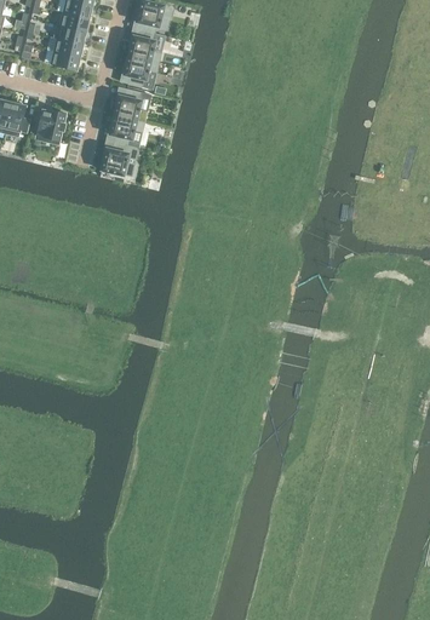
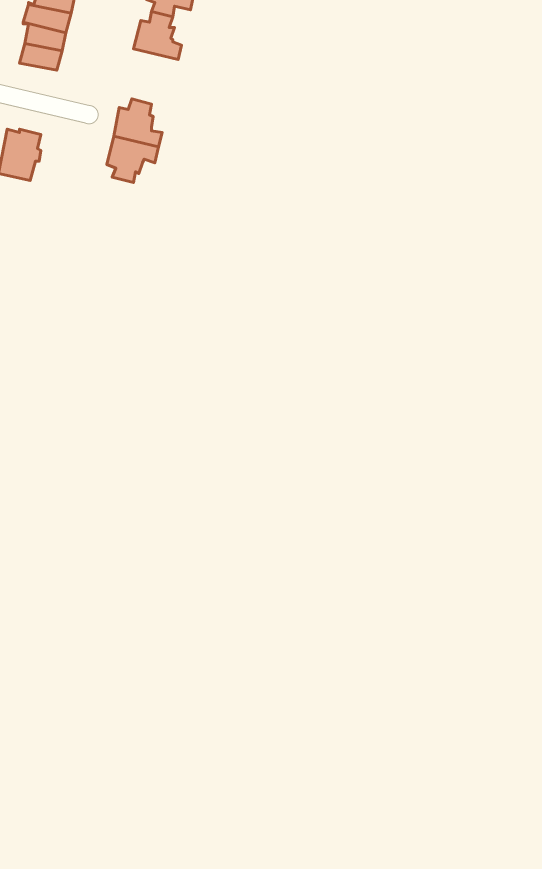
building: [122,53,157,85] -> none
building: [101,140,138,176] -> none

